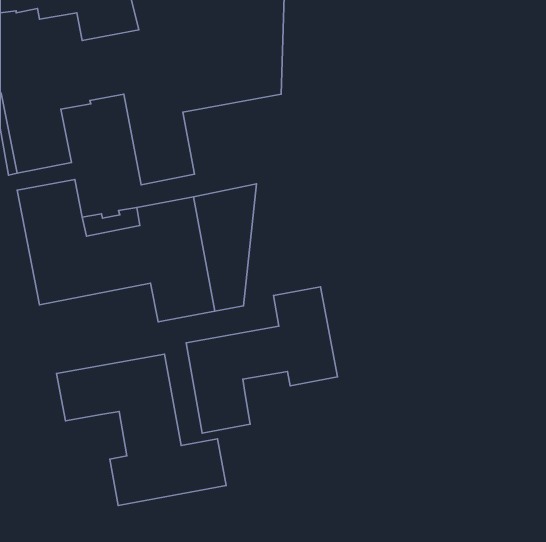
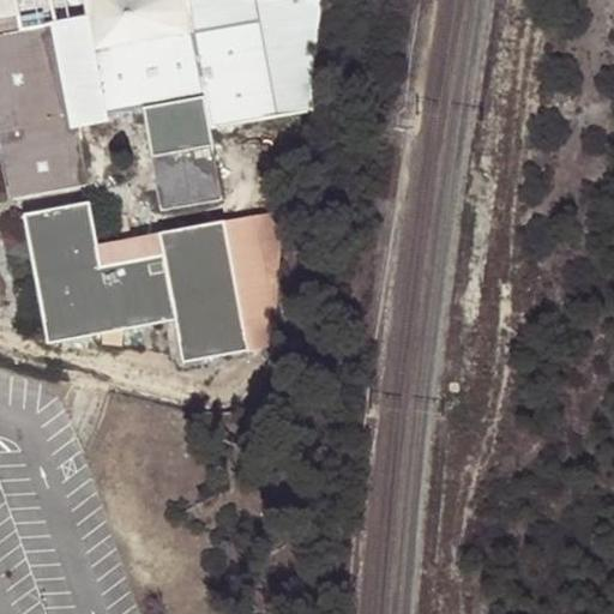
building: [186,287,337,433] -> none
building: [56,354,226,506] -> none

